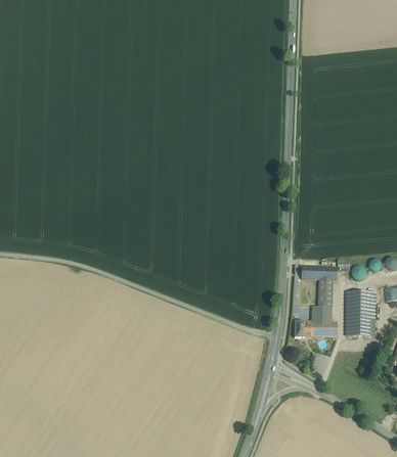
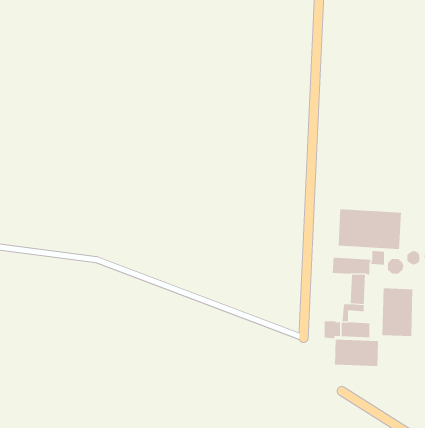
building: none -> [338,208,401,250]
building: none -> [335,339,378,367]

